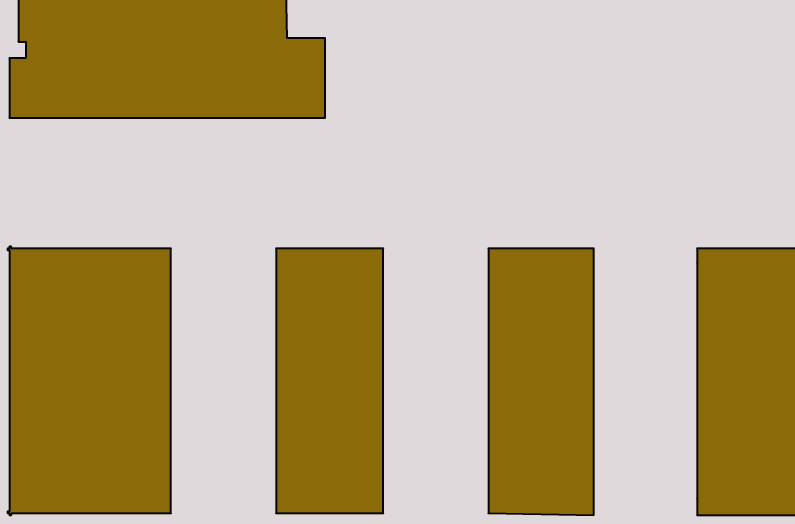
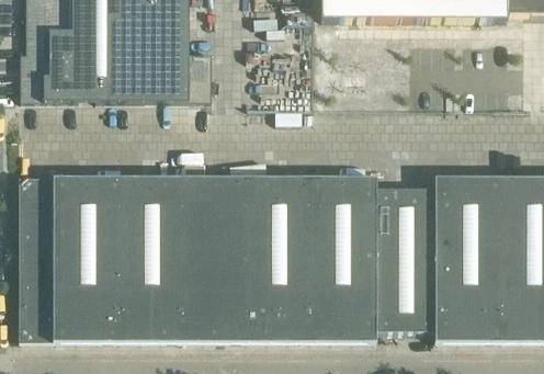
building: none -> [118,179,182,339]
building: none -> [247,179,310,339]
building: none -> [374,188,437,330]

